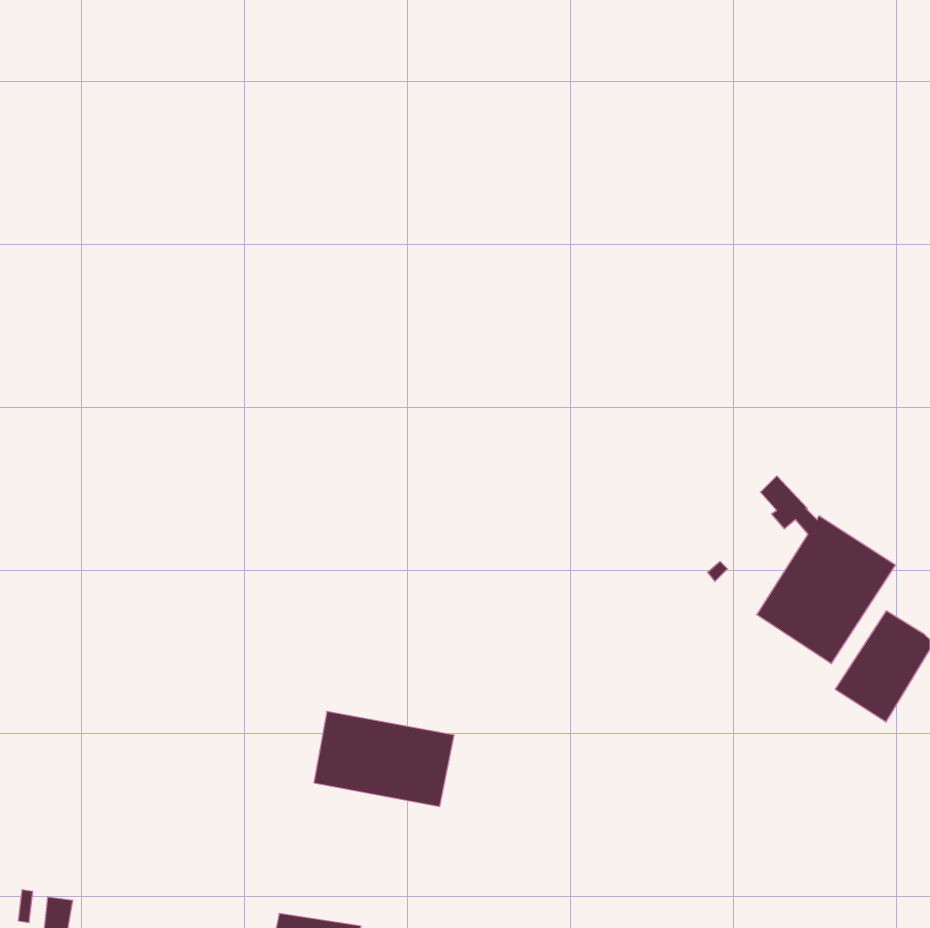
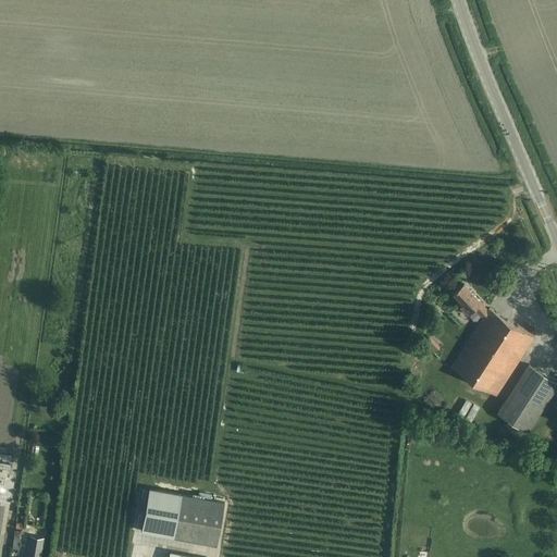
building: [314,712,454,806] -> [140,491,224,547]

